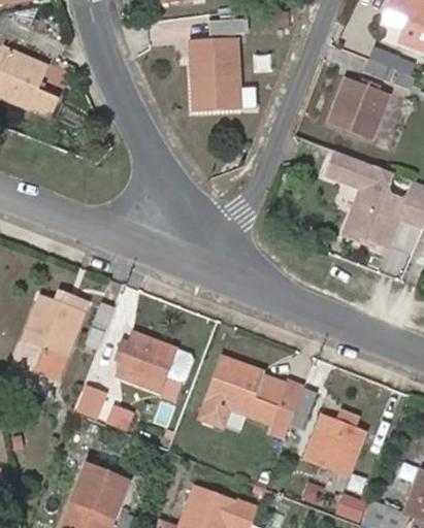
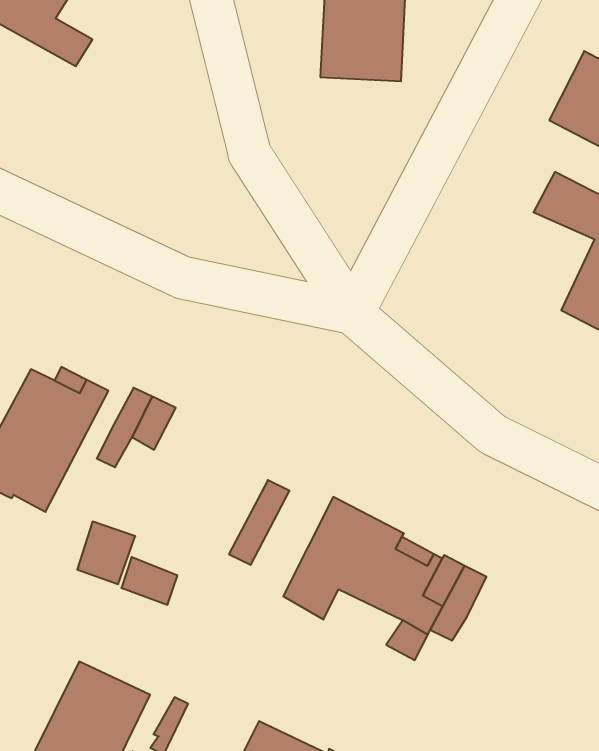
building: [115,332,176,391] -> none
building: [304,416,364,474] -> none

